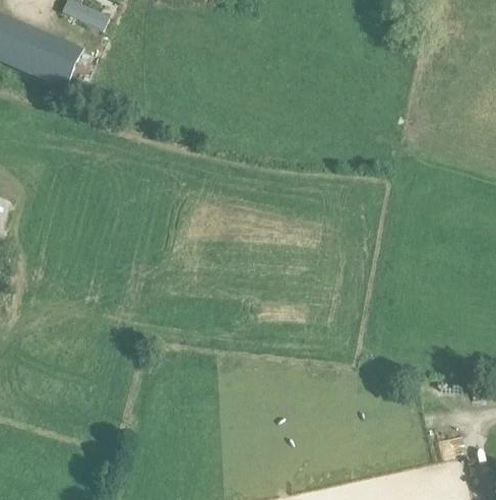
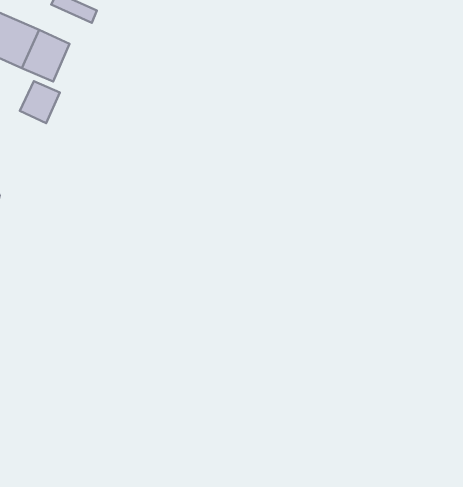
building: none -> [20,81,60,123]

